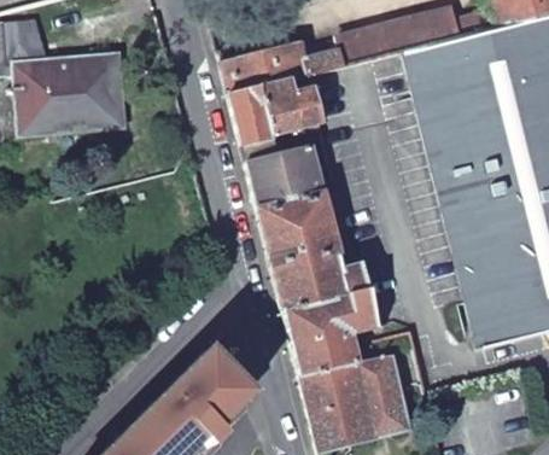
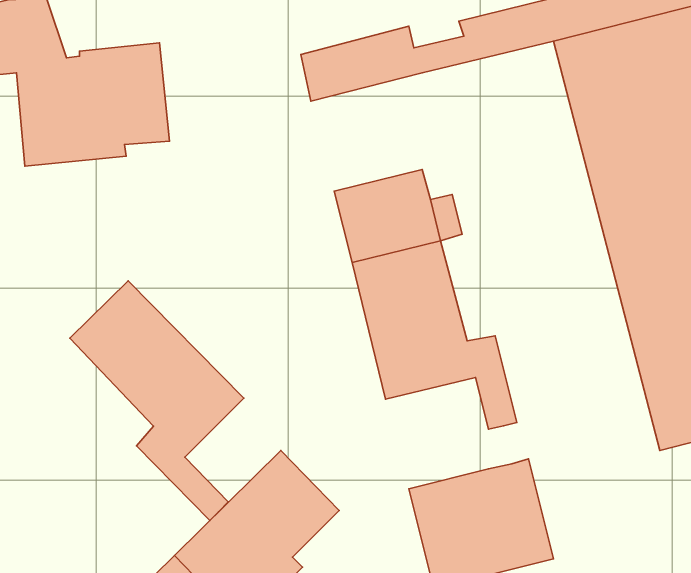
building: [230,74,322,144] -> none
building: none -> [70,281,244,521]
building: [285,294,360,375] -> none

